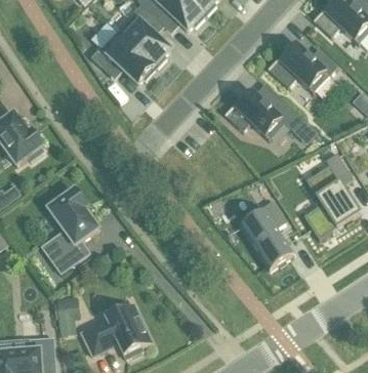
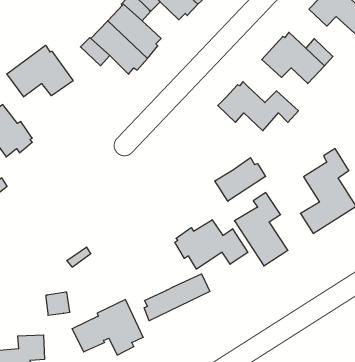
building: none -> [7,45,73,97]
building: none -> [215,158,266,201]
building: [49,188,98,265] -> none
building: none -> [175,220,248,269]
building: none -> [144,274,210,321]

